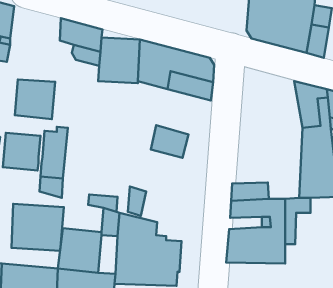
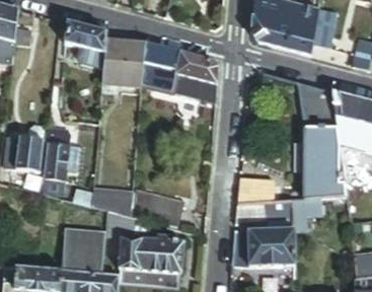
building: [15,80,55,119] -> none
building: [151,125,188,158] -> [146,193,183,225]
building: [11,204,64,251] -> none

